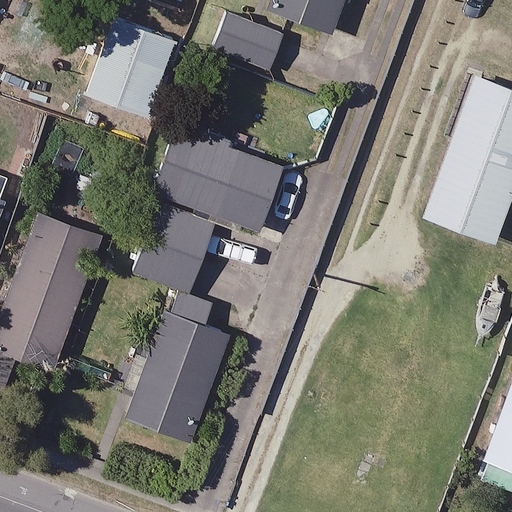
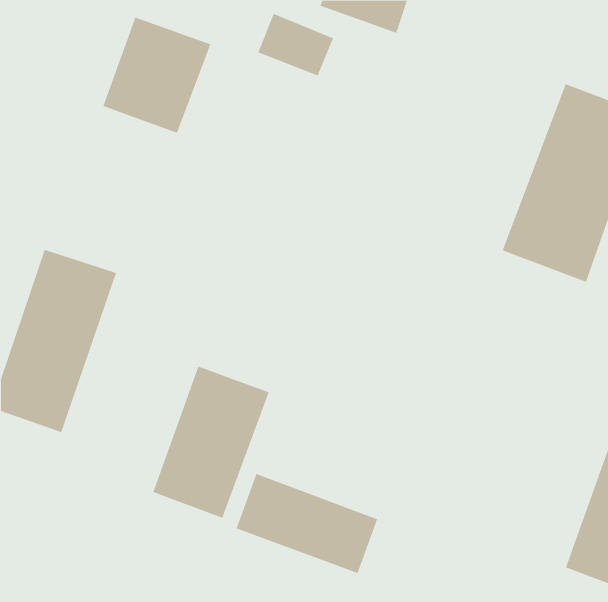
building: [154,127,282,232] -> none
building: [137,207,213,293] -> none
building: none -> [236,473,378,574]

